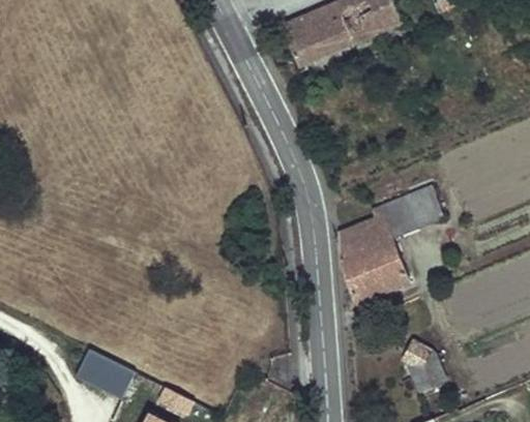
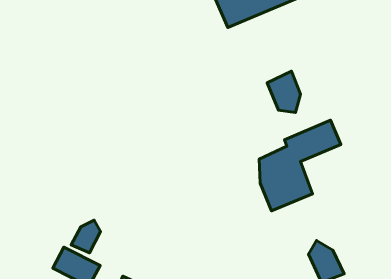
building: none -> [267,71,301,112]
building: none -> [71,220,100,253]

